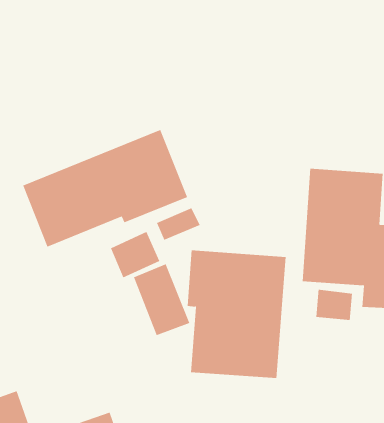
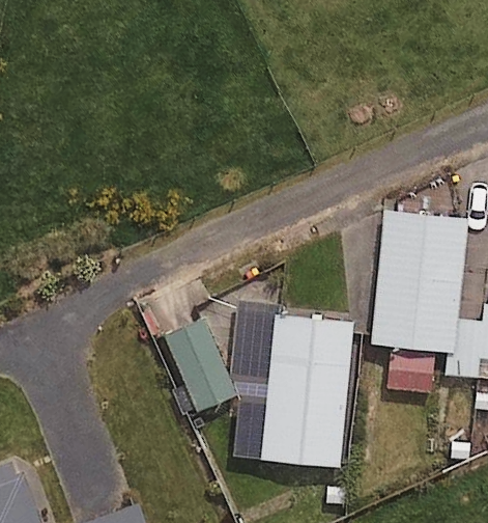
building: [22,129,188,247] -> none

